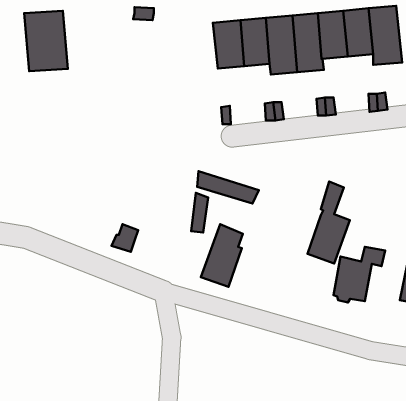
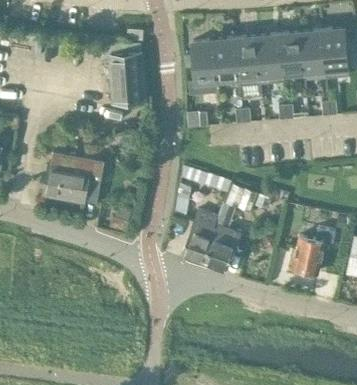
building: [24,11,68,71] -> [109,53,145,103]
building: none -> [43,153,104,204]
building: [308,182,350,263] -> [205,202,240,270]

